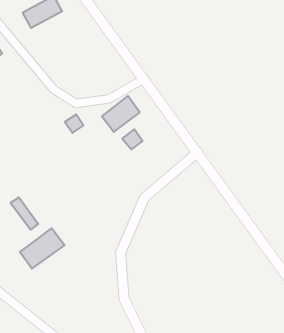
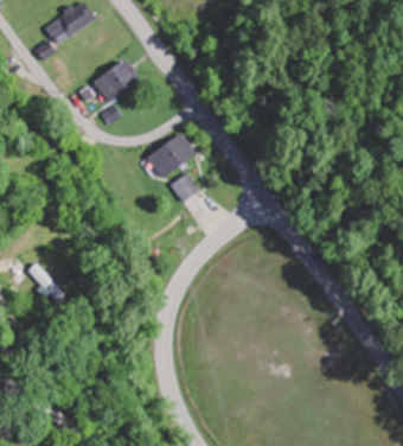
building: none -> [92,58,140,101]
building: [20,228,65,269] -> none

